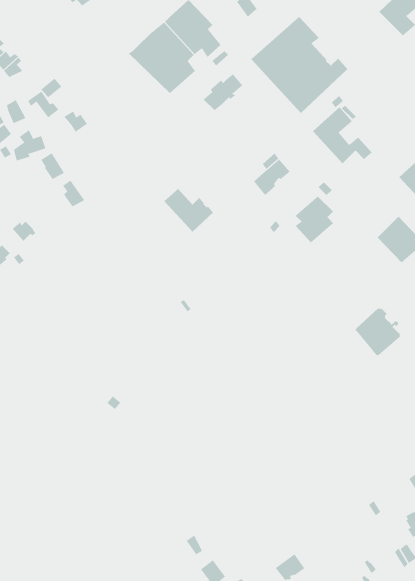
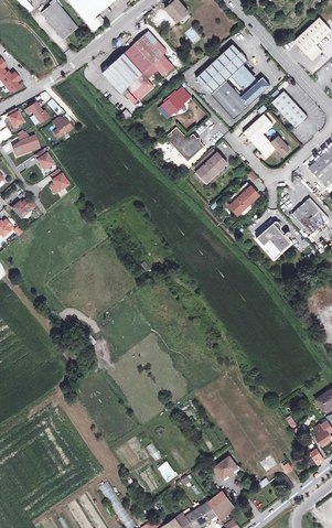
building: none -> [271,90,308,128]
building: [164,188,214,233] -> [165,127,204,161]
building: [354,308,402,356] -> [256,222,292,258]

